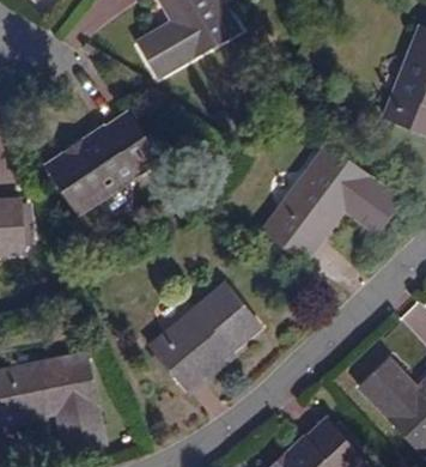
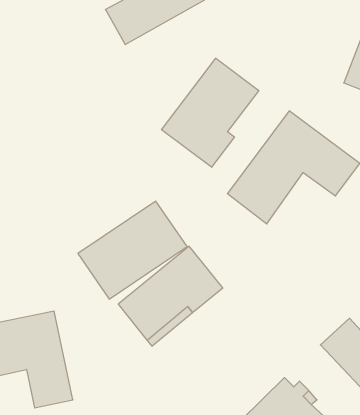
building: none -> [162,58,259,167]
building: [48,113,160,213] -> [78,201,187,299]

